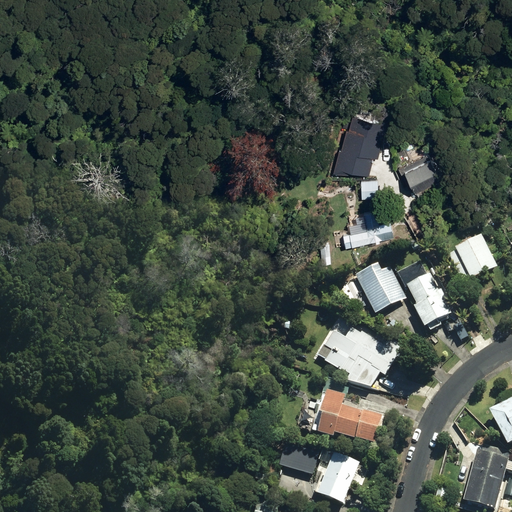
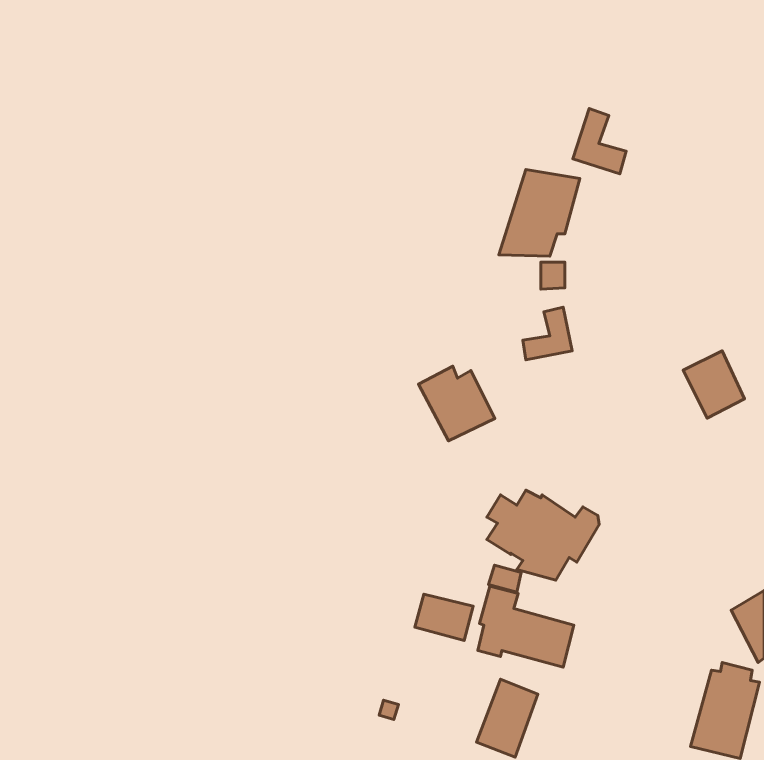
building: none -> [573,109,626,174]
building: [404,151,441,185] -> none
building: [355,263,406,313] -> [418,366,495,441]
building: [408,273,452,328] -> none
building: [279,443,318,474] -> [415,594,473,641]

